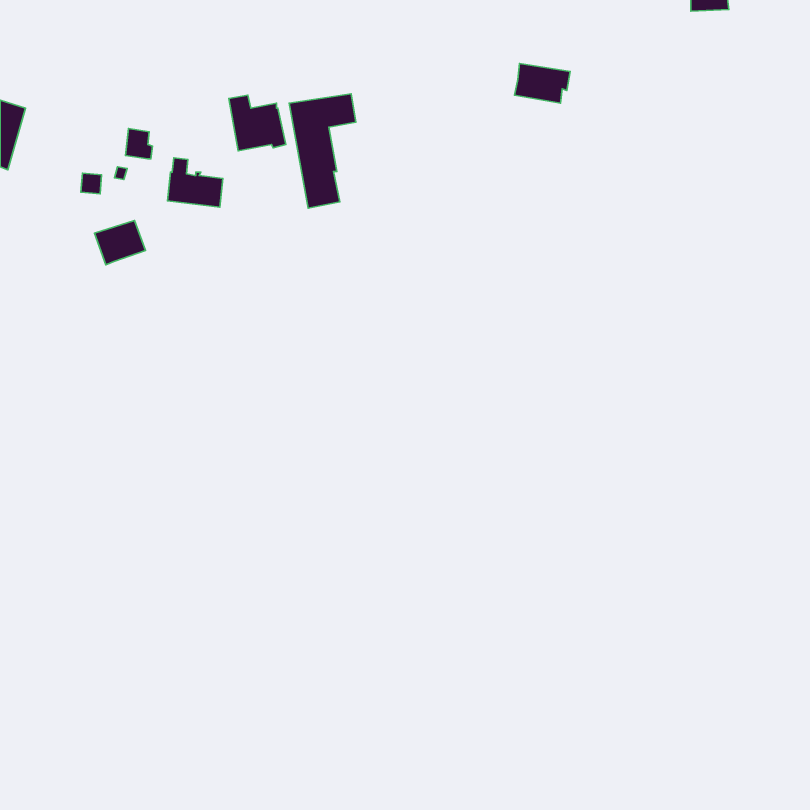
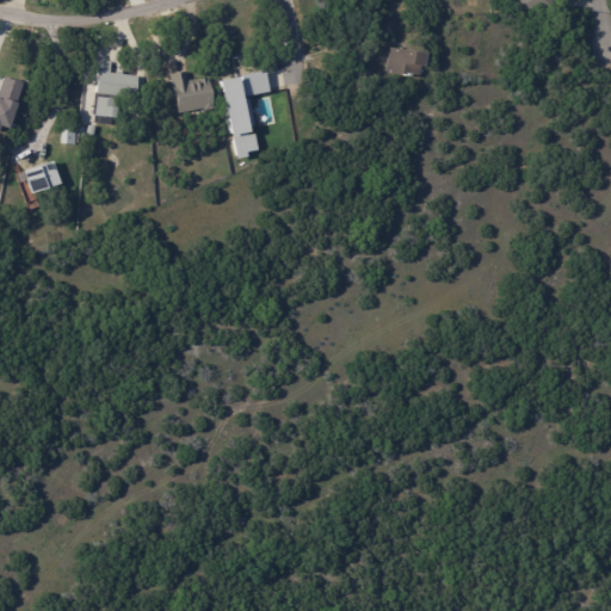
building: [167,158,223,207] -> [98,61,140,98]
building: [95,220,145,265] -> [23,162,61,196]

